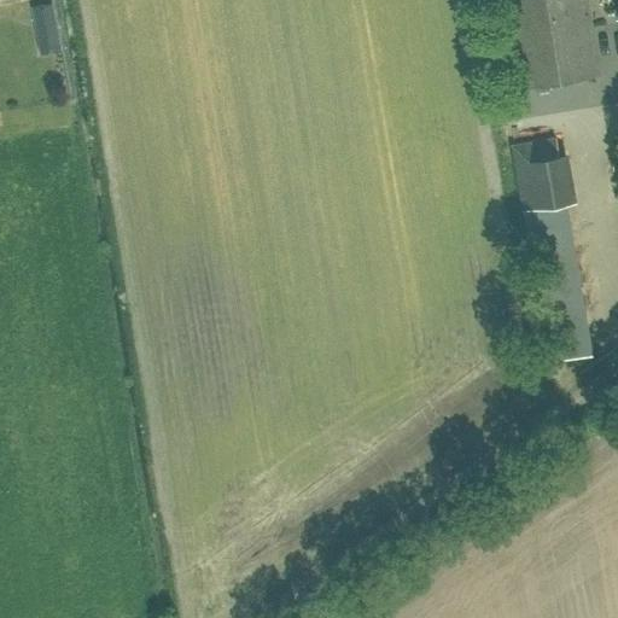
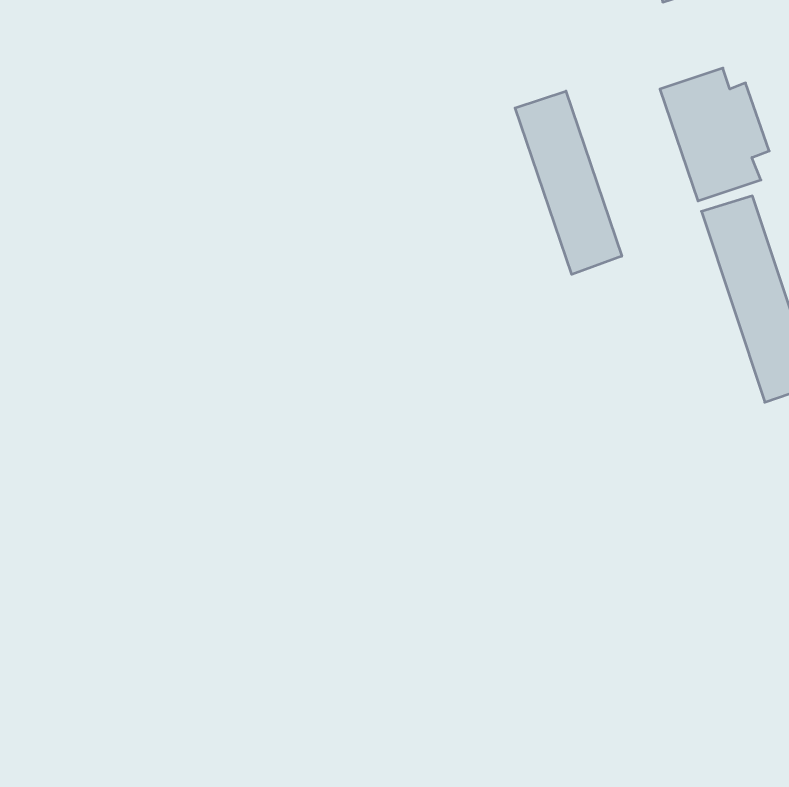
building: none -> [515,91,622,274]

